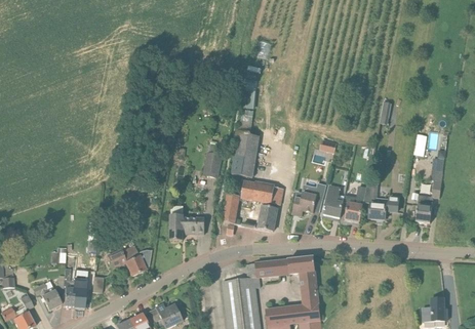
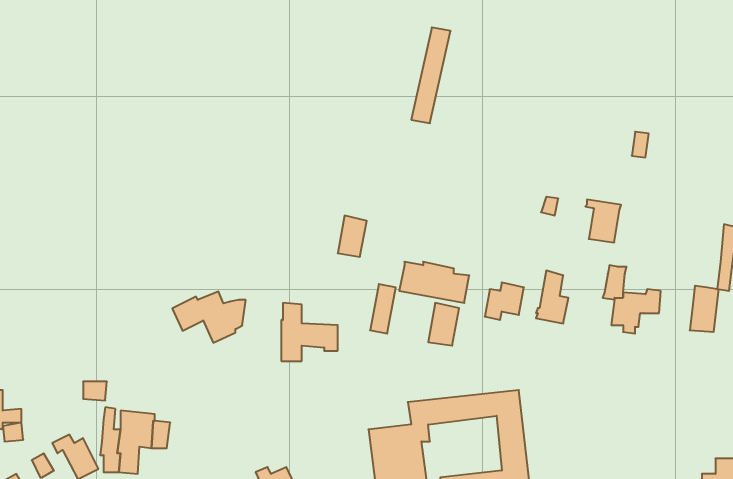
building: [231,119,260,176] -> none
building: [343,195,364,220] -> [585,200,621,242]
building: [107,244,151,275] -> [172,291,246,343]

